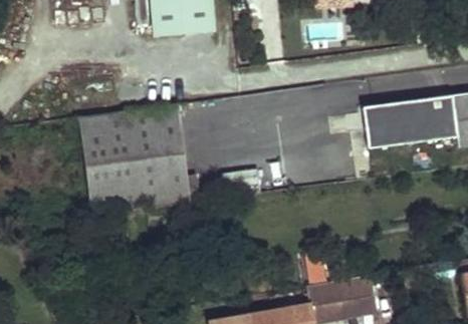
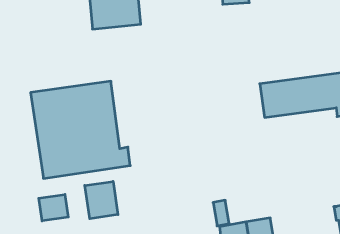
building: none -> [85,181,118,219]
building: none -> [39,194,68,221]

